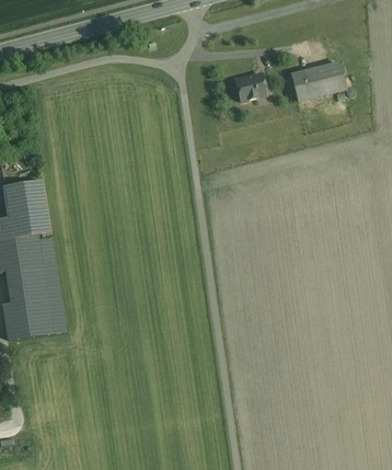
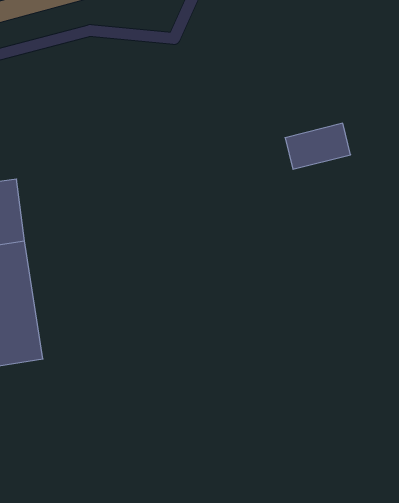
building: [290,62,345,101] -> [285,123,351,169]
building: [235,73,266,101] -> none

